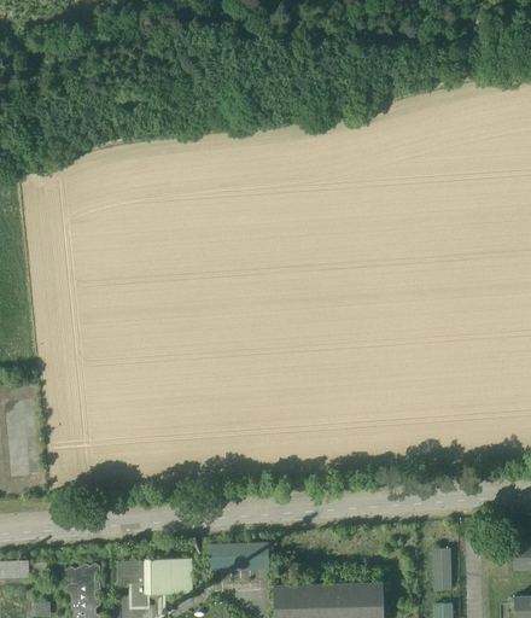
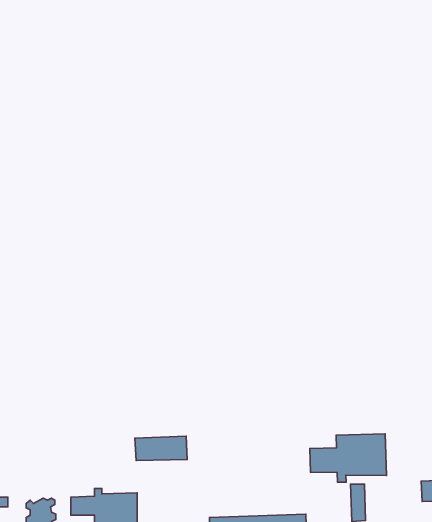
building: none -> [310,434,386,482]
building: [210,542,269,570] -> [135,436,187,461]

